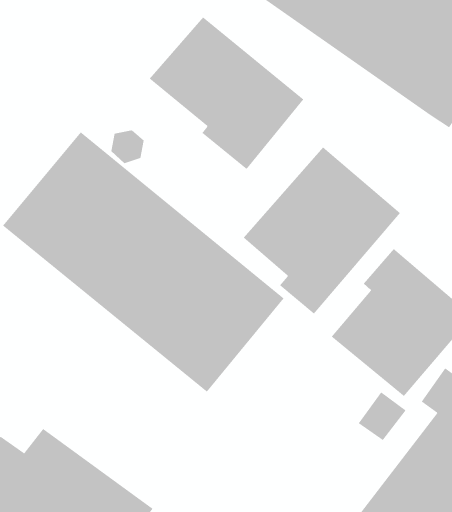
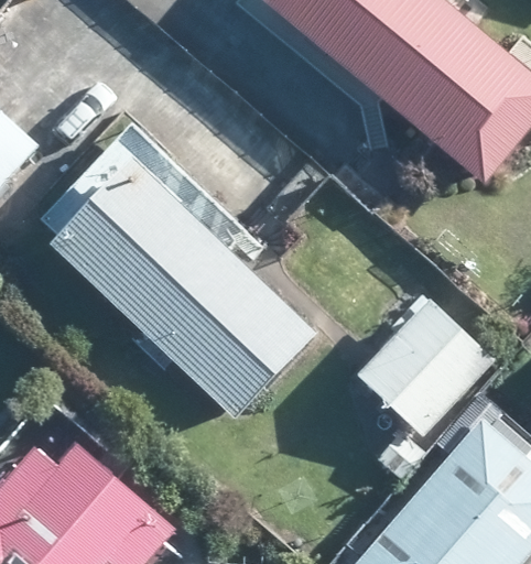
building: [149,16,304,170] -> none
building: [243,146,401,315] -> none

